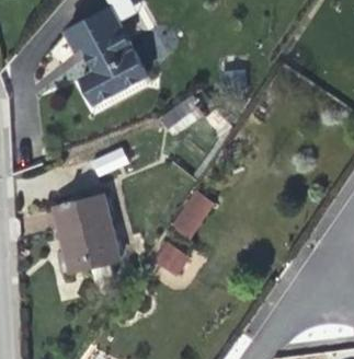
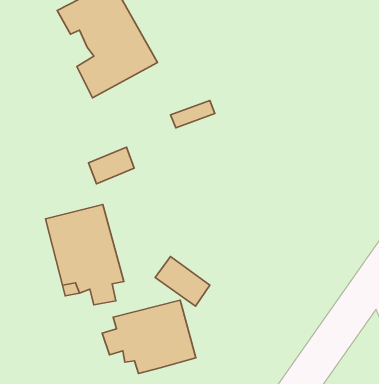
building: [170,188,216,238] -> none
building: none -> [102,300,196,374]

